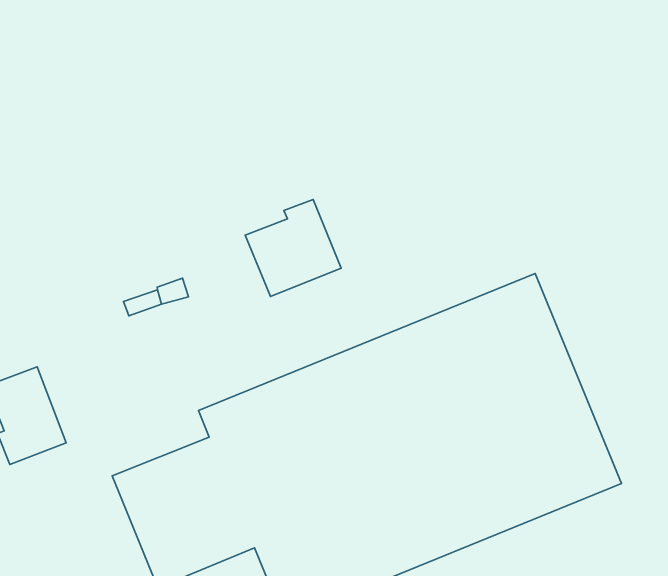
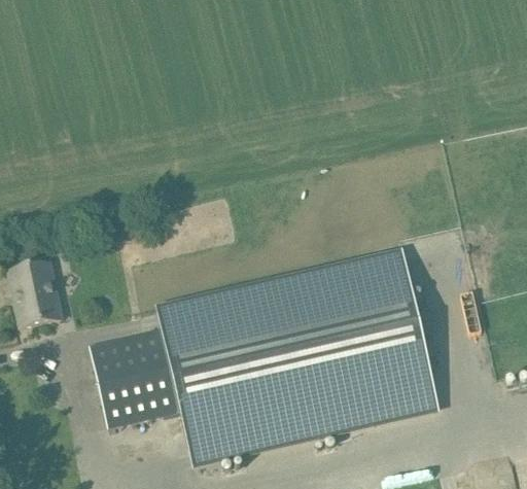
building: [245,200,341,296] -> none

